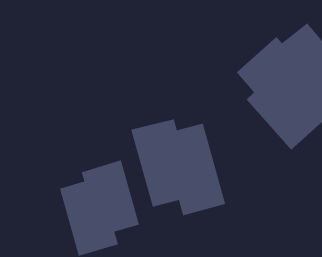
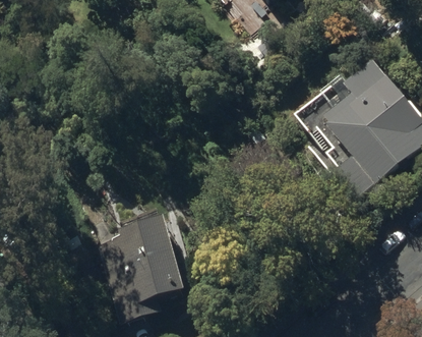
building: [130,119,226,216] -> none

